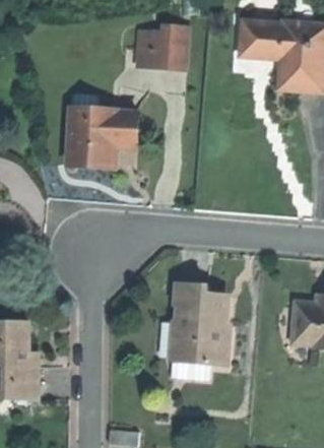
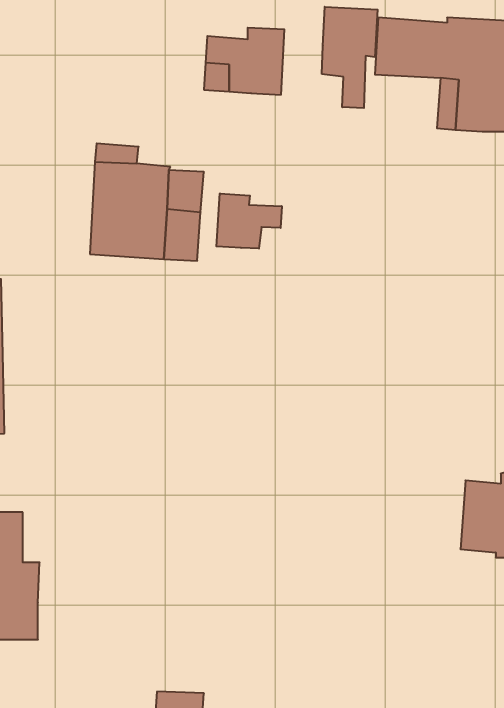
building: none -> [322,7,378,108]
building: none -> [216,193,282,249]
building: [170,282,224,365] -> none

